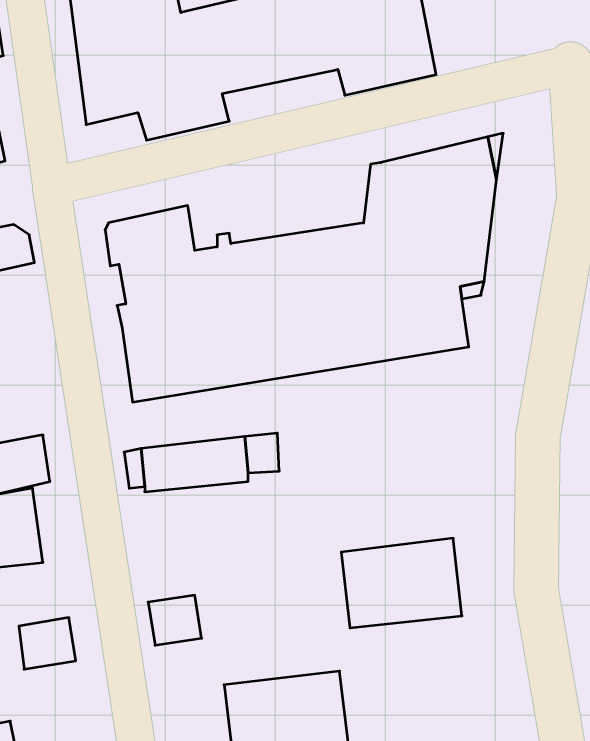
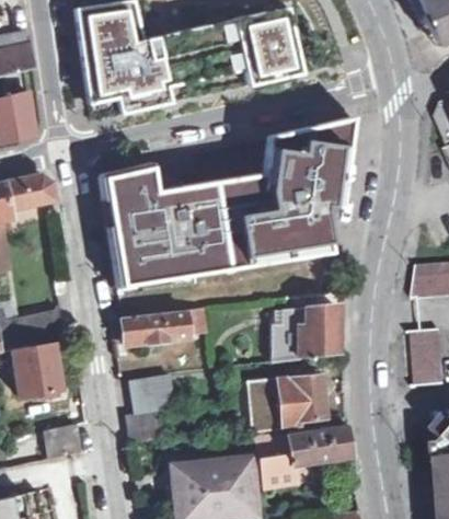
building: none -> [275,303,336,360]
building: none -> [131,371,175,412]
building: none -> [258,422,352,486]

